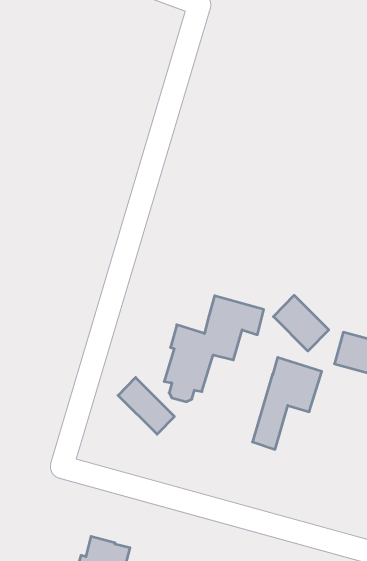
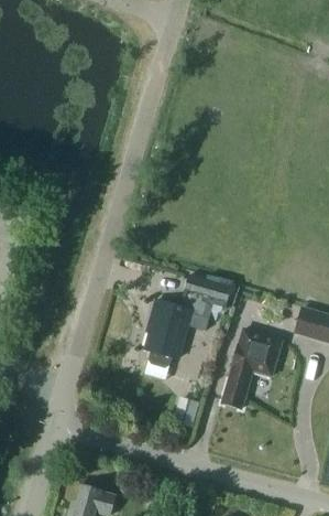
building: [273,295,329,351] -> none
building: [118,377,174,434] -> none

